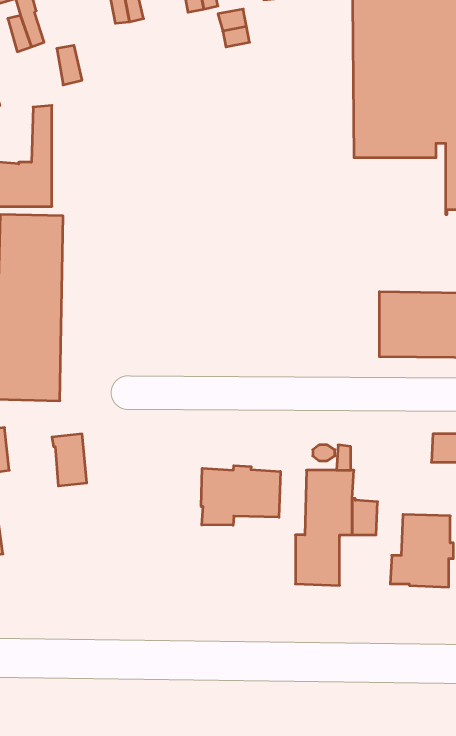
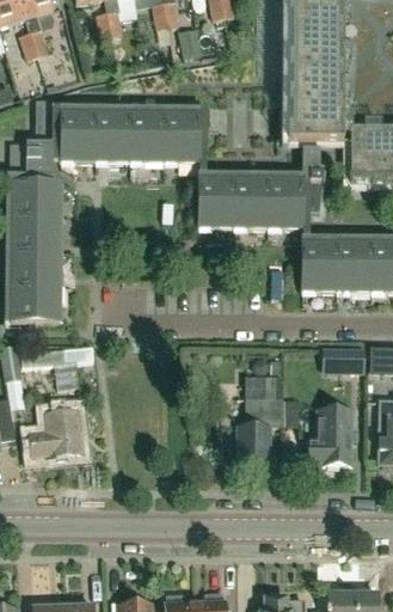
building: none -> [60,111,199,161]
building: none -> [196,146,319,225]
building: [201,466,280,525] -> none
building: none -> [29,396,81,454]

